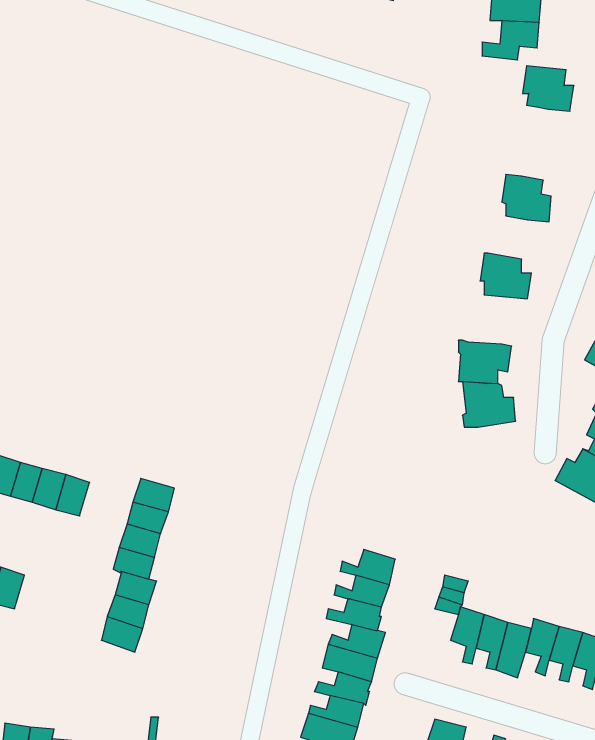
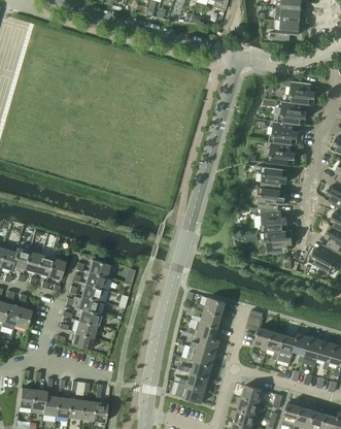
building: [523,66,574,111] -> [289,81,316,105]
building: none -> [272,122,299,145]
building: none -> [261,167,288,190]
building: none -> [267,230,293,254]

